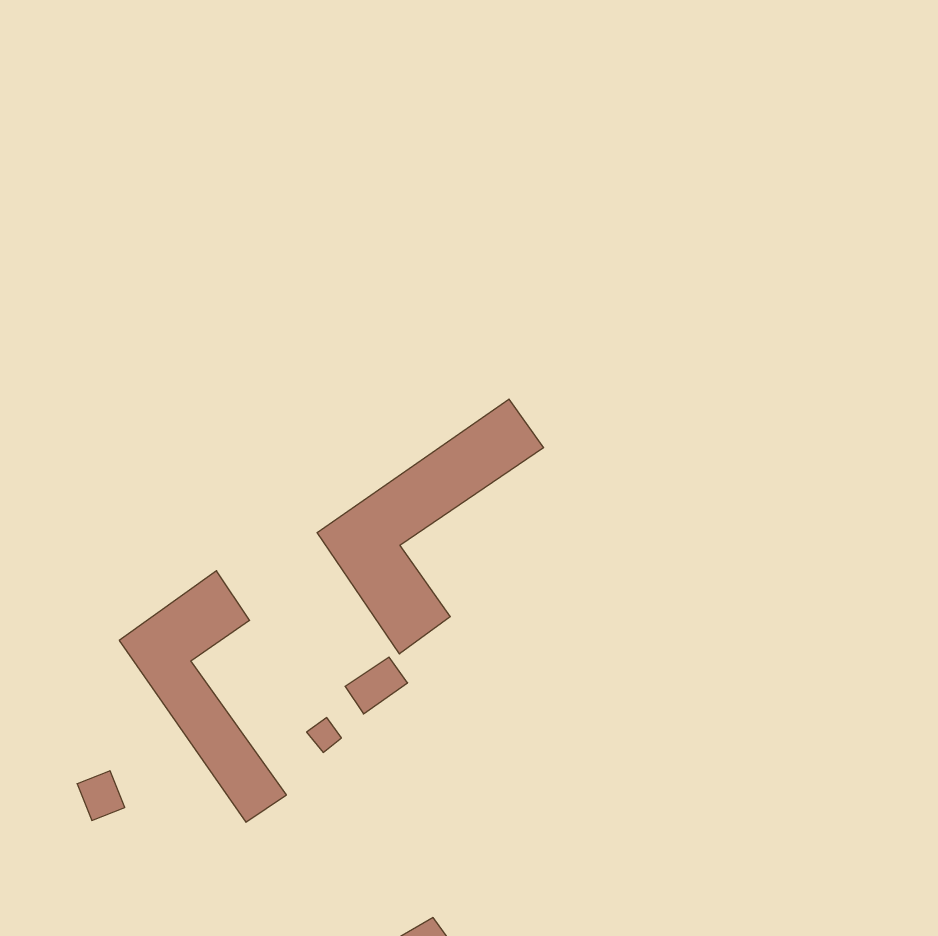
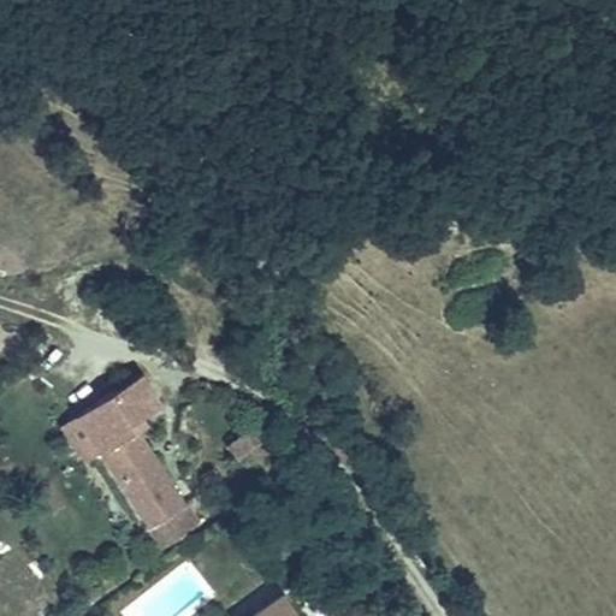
building: [317,399,544,654] -> none

